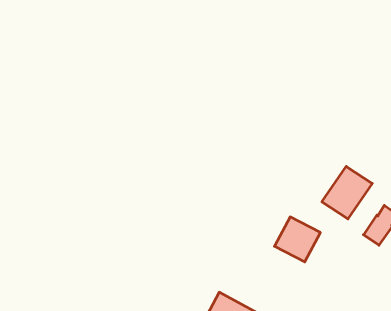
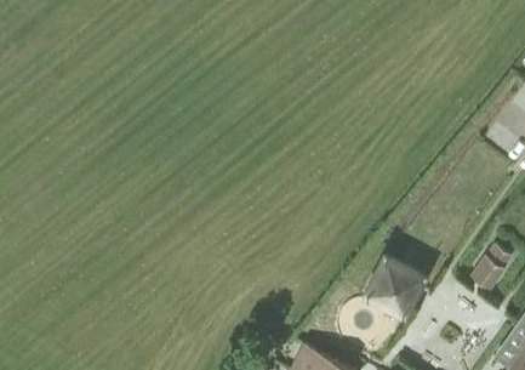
building: [322,166,372,219] -> none

